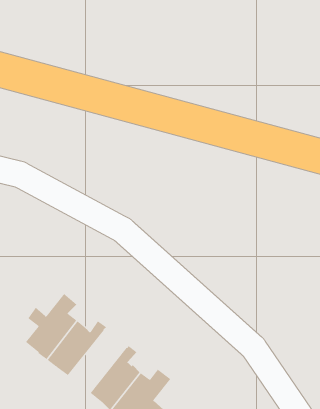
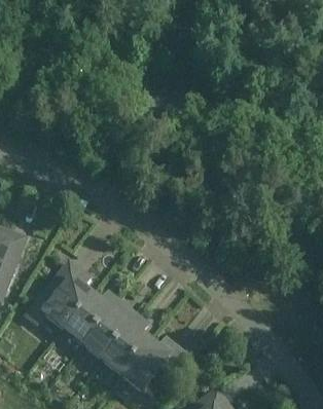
building: none -> [83,301,136,358]

